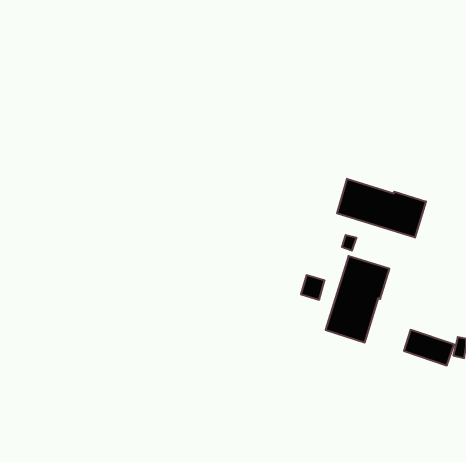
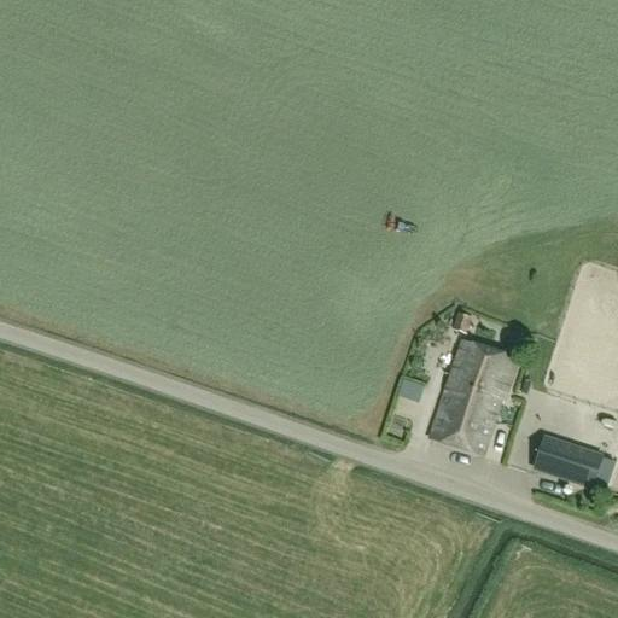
building: [337,179,426,238] -> none

